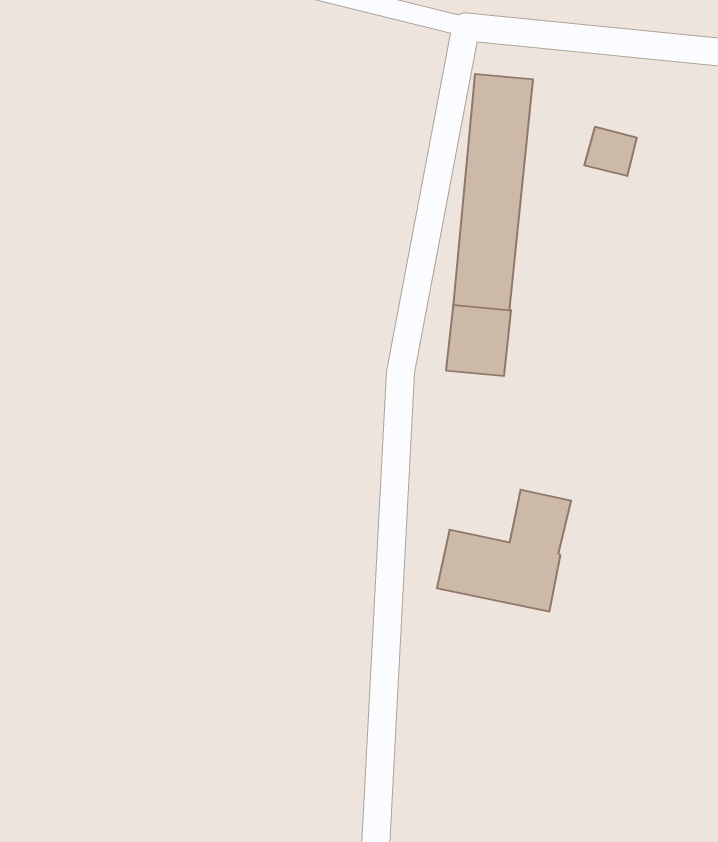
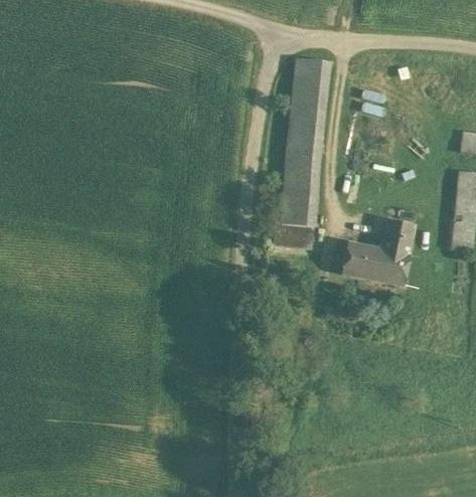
building: none -> [271,221,311,247]
building: [437,490,571,612] -> [339,218,414,286]

